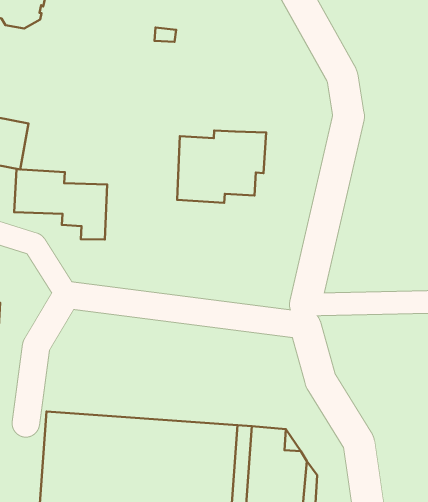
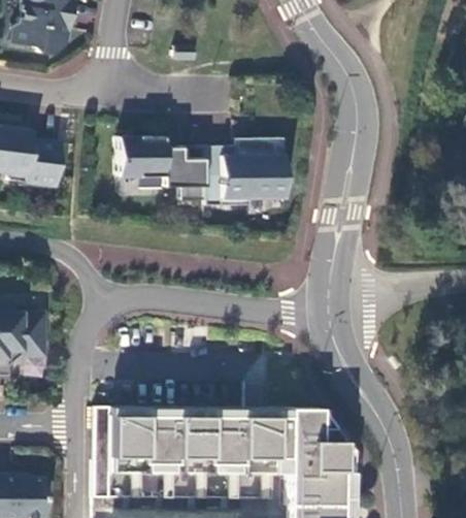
building: [14,169,107,240] -> [118,135,204,197]

